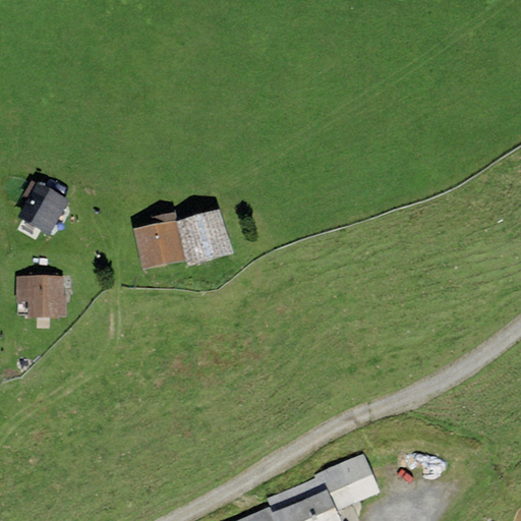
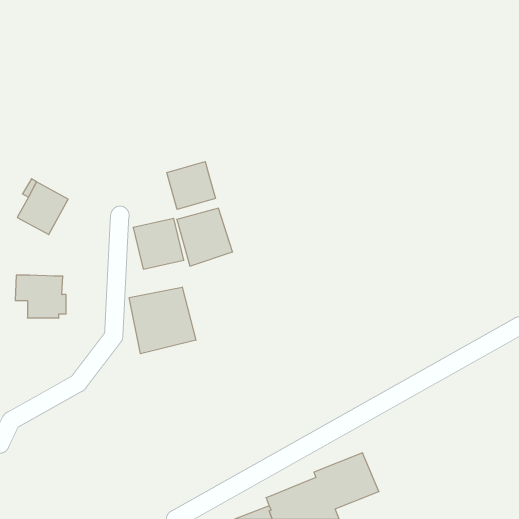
building: none -> [167,162,215,209]
building: none -> [129,287,196,354]

